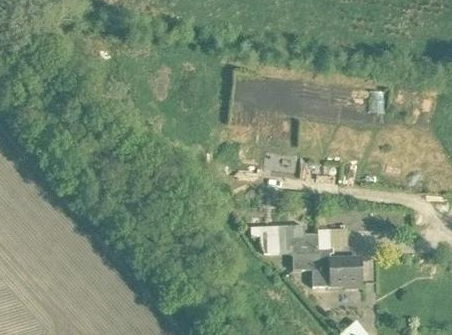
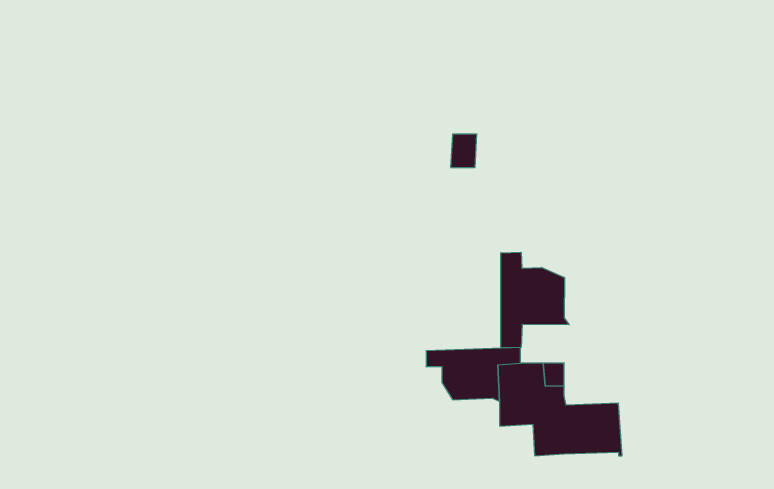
building: none -> [501,252,569,348]

